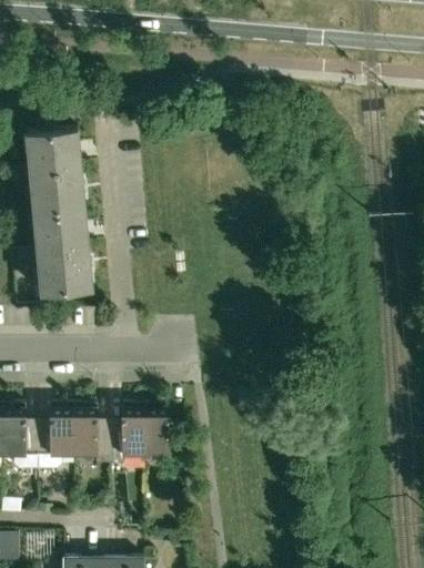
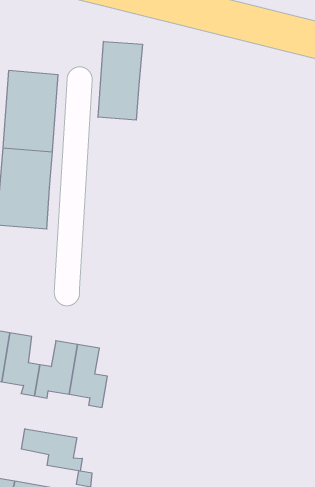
building: none -> [98,41,142,120]
building: none -> [21,429,82,471]

